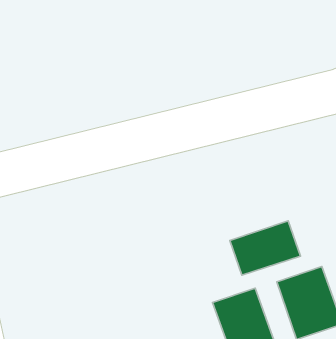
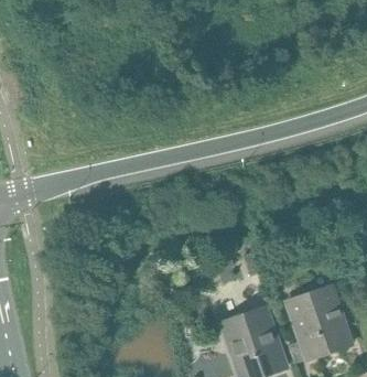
building: [230,221,300,275] -> none

